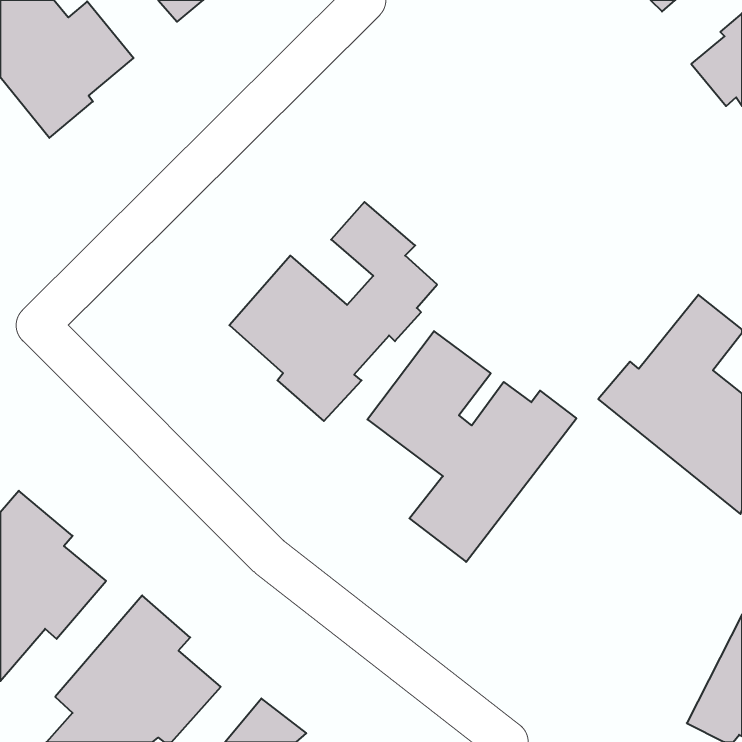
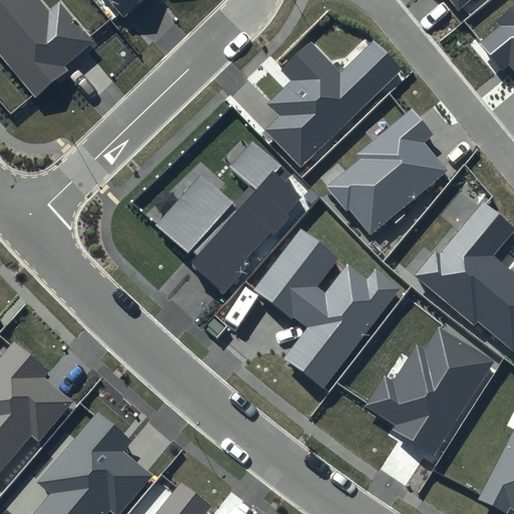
building: none -> [265,39,403,167]
building: none -> [329,108,447,235]
building: none -> [365,329,492,457]

